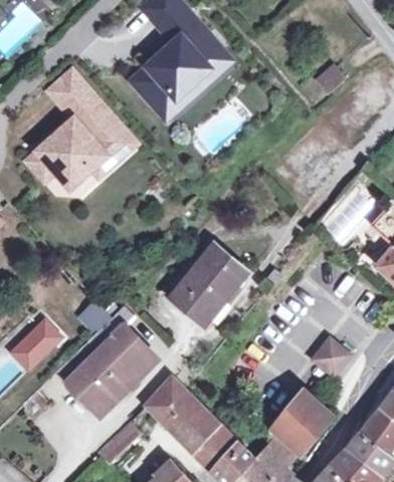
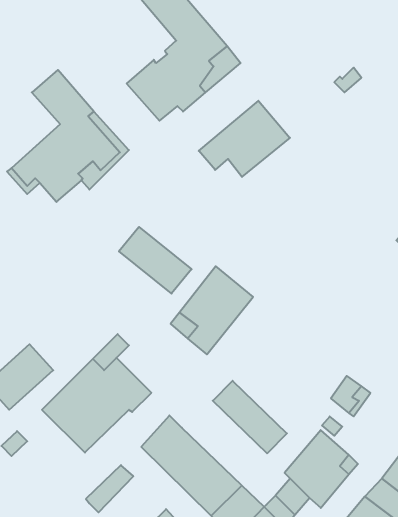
building: none -> [199,101,290,177]
building: none -> [119,227,192,294]
building: none -> [213,381,287,453]

